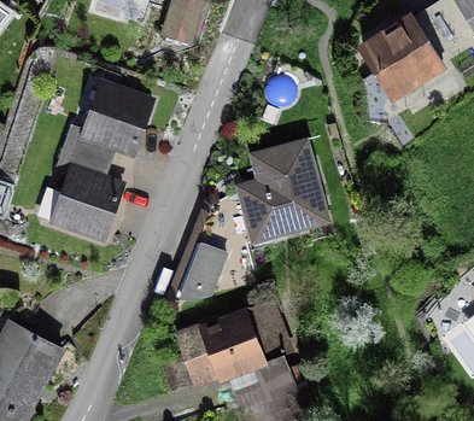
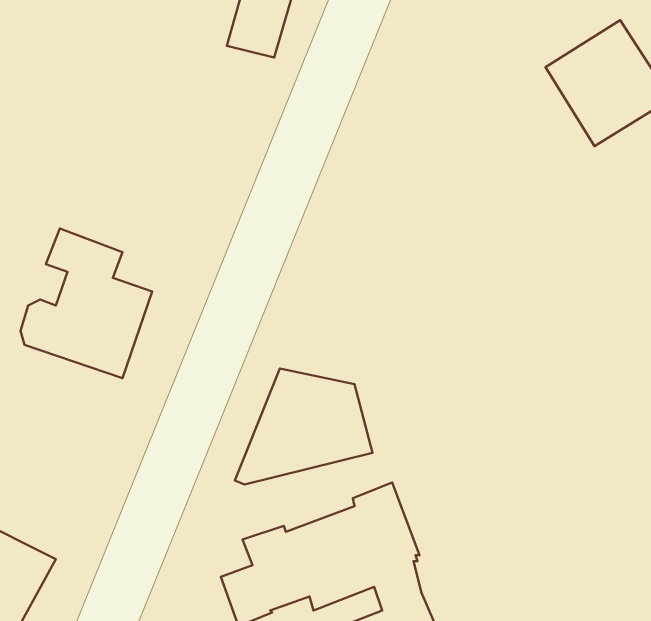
building: [63,81,150,159] -> none
building: [242,141,323,236] -> none

